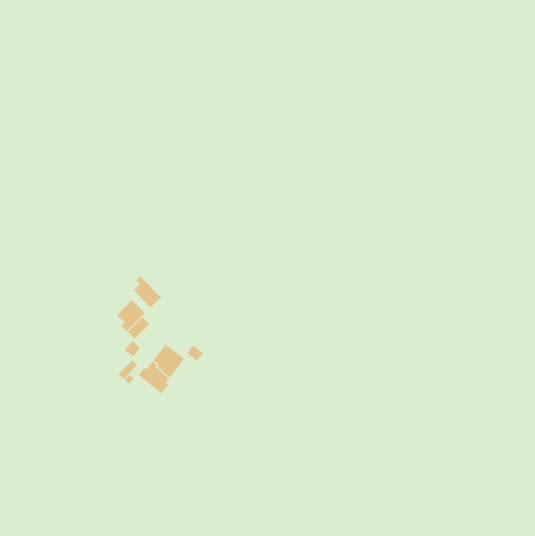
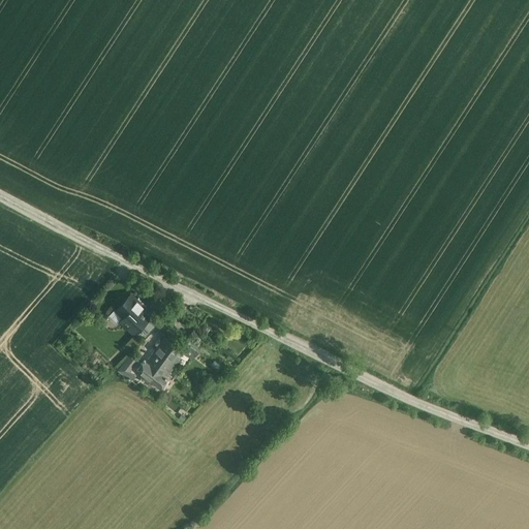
building: [133,276,162,308] -> none

